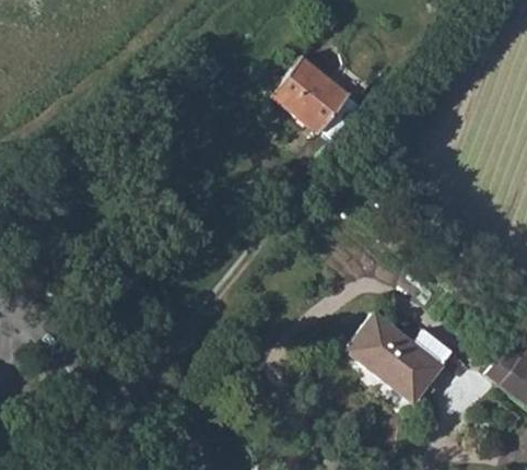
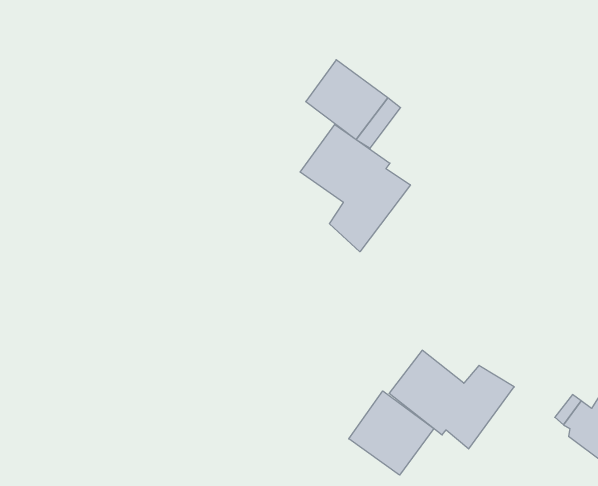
building: none -> [300,124,410,252]
building: none -> [349,391,434,475]

